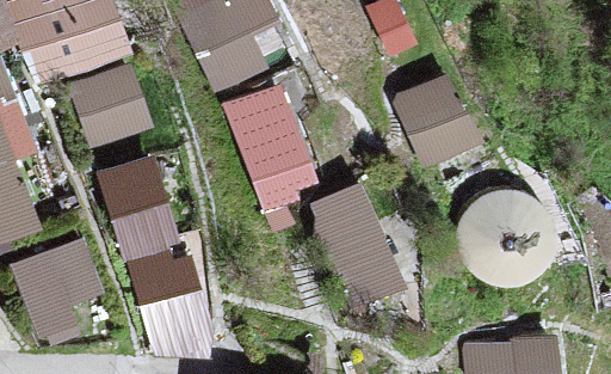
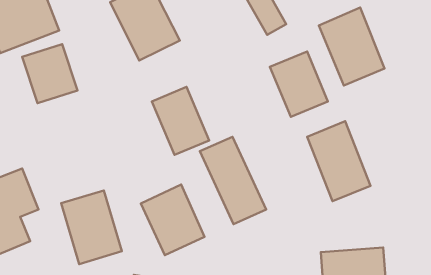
building: none -> [319,8,385,86]
building: [86,148,172,256] -> none
building: none -> [141,184,204,255]

